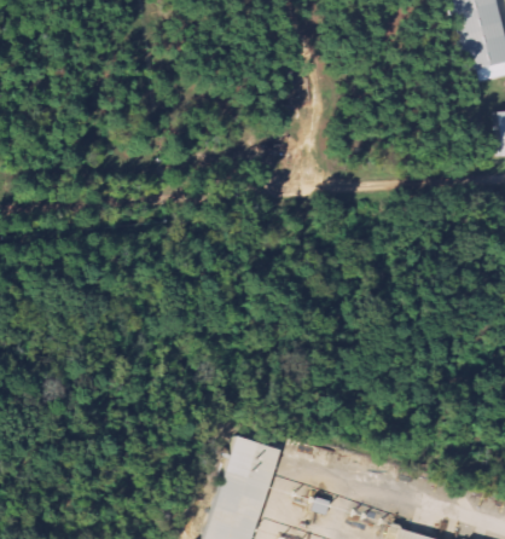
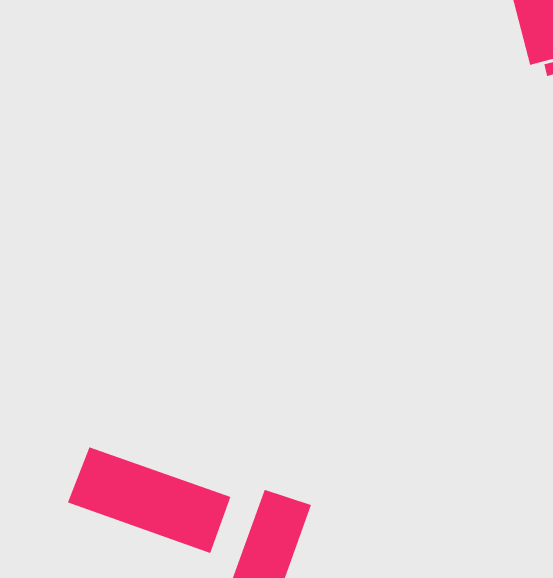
building: none -> [67,447,231,554]

